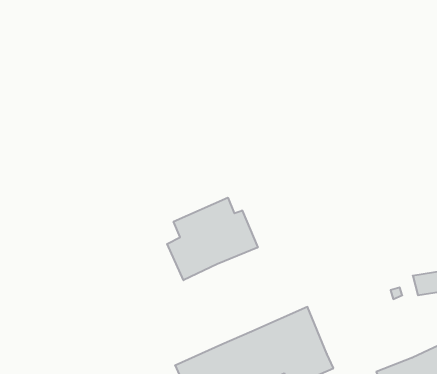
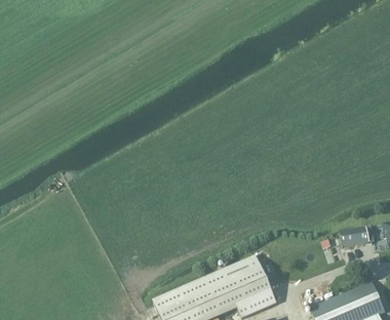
building: [167,198,258,280] -> none

